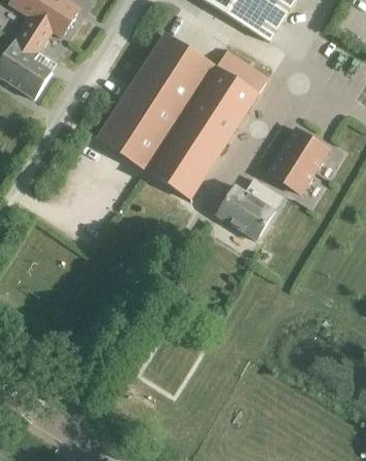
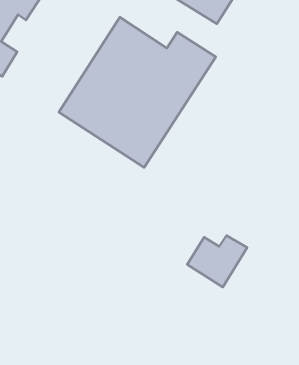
building: [266,128,329,194] -> none
building: [217,183,283,239] -> [187,235,247,287]

